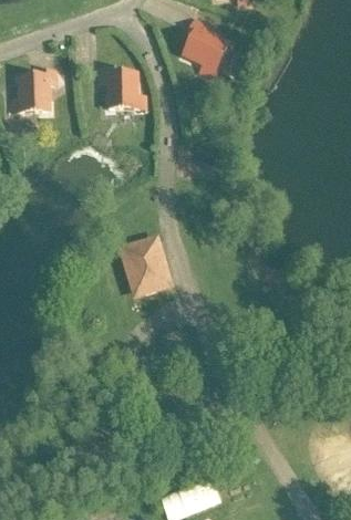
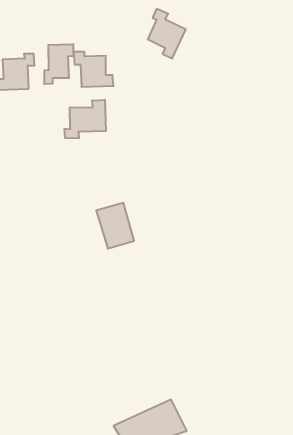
building: none -> [44,44,73,84]
building: none -> [65,100,106,138]

